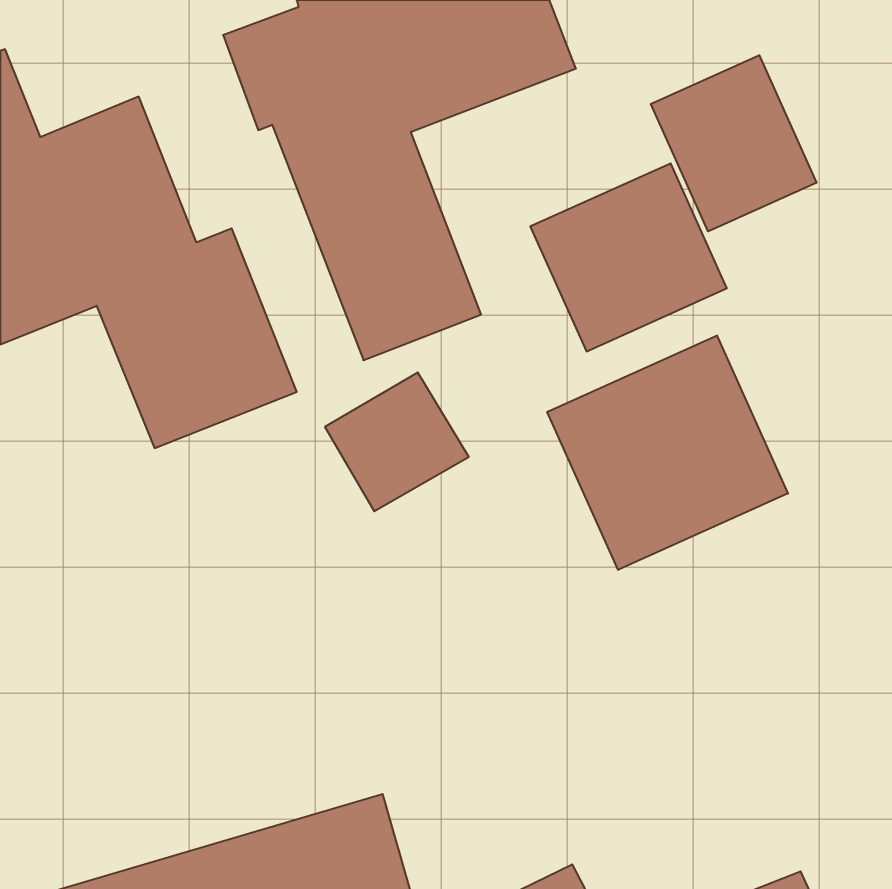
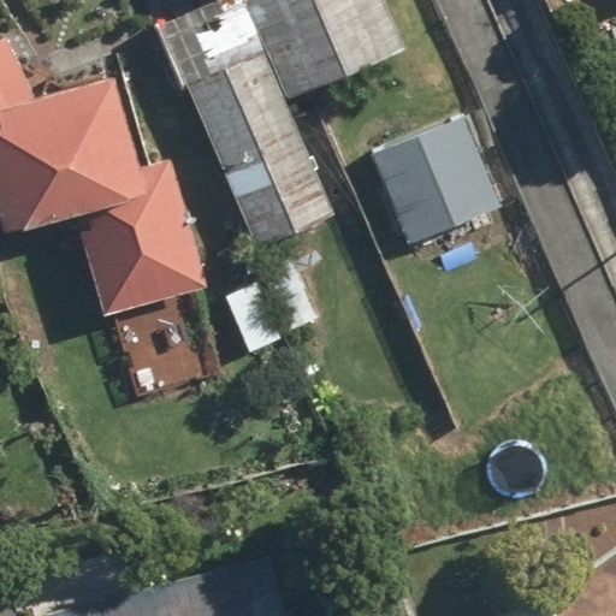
building: [651,55,817,231] -> none
building: [547,335,788,570] -> none

